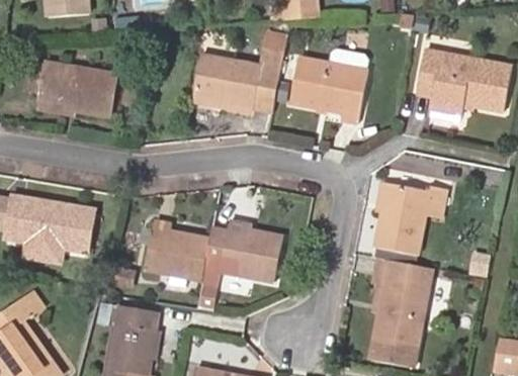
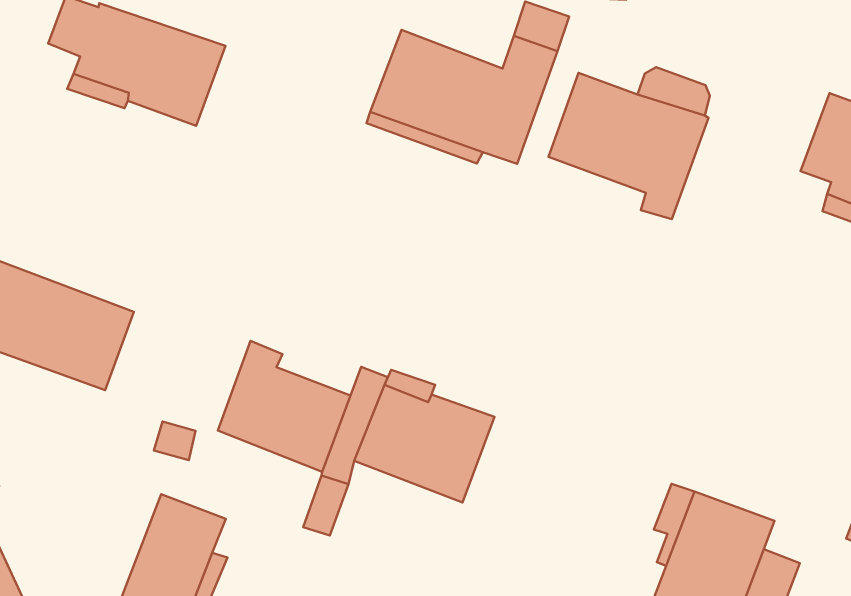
building: [369,182,441,254] -> none

